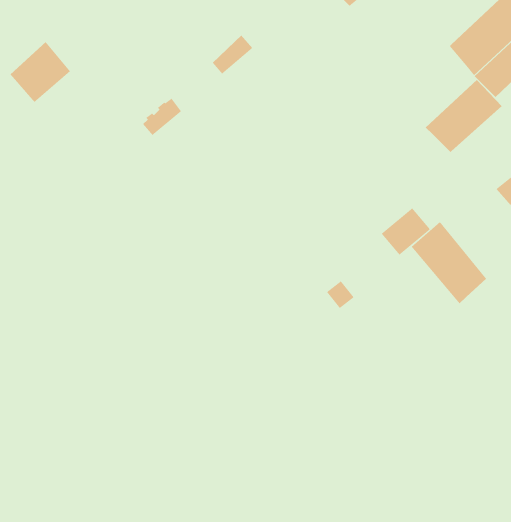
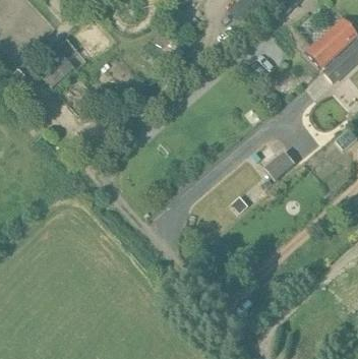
building: [425,79,502,153] -> none
building: [411,221,487,304] -> none

